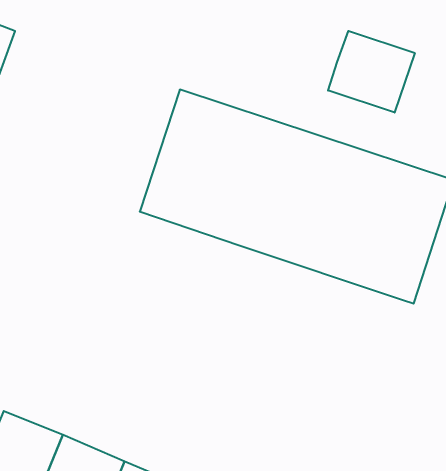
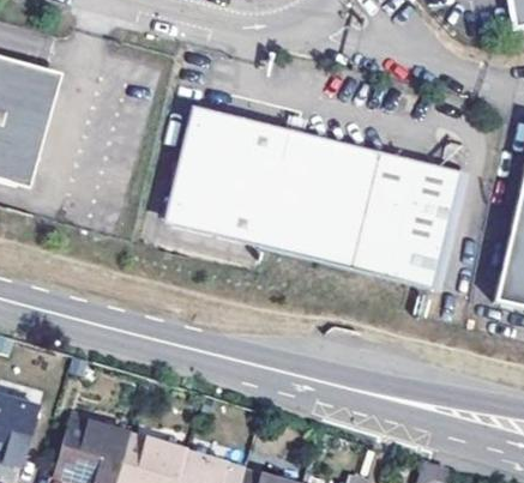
building: [328,31,415,113] -> none

